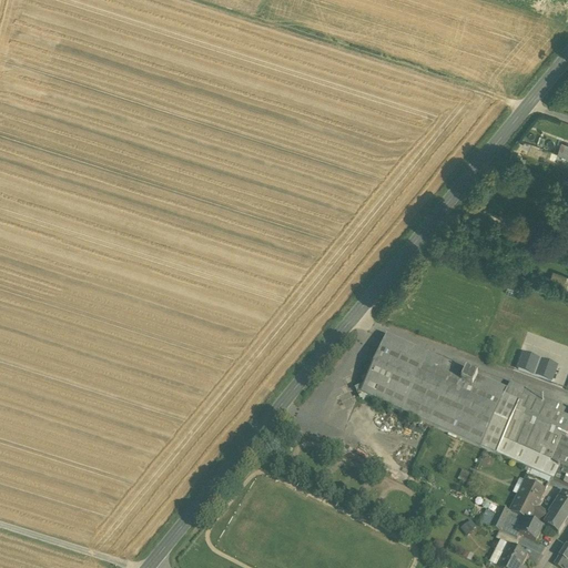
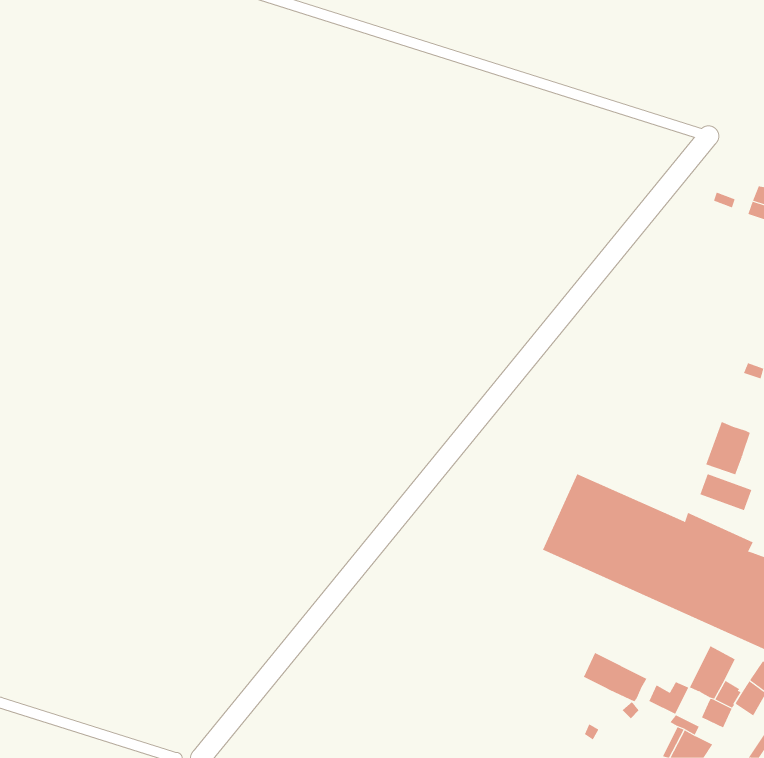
building: none -> [705,421,750,475]
building: [361,332,428,407] -> none
building: none -> [583,652,647,702]

